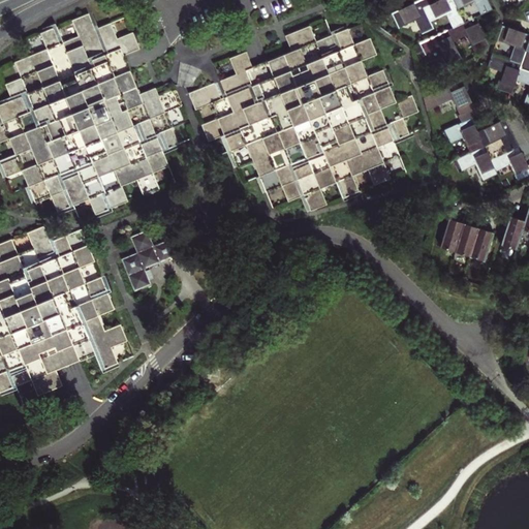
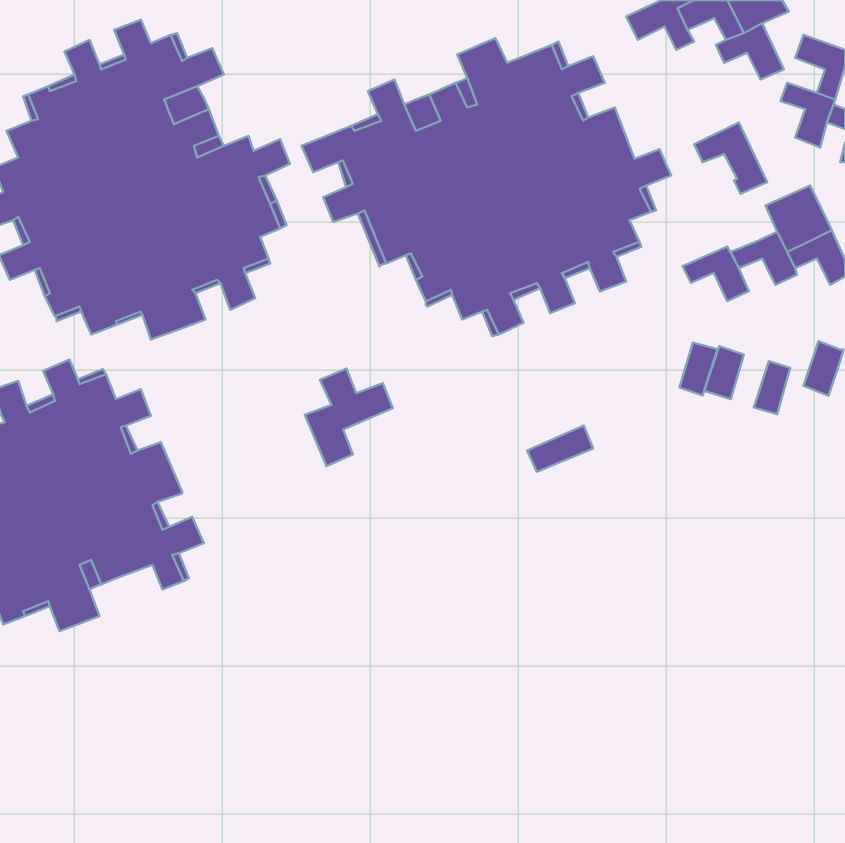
building: [419,30,460,64] -> none
building: [443,119,485,153] -> [682,246,749,301]
building: [456,223,479,256] -> [679,343,718,396]
building: [121,230,176,291] -> [305,368,393,466]
building: none -> [527,426,593,472]

